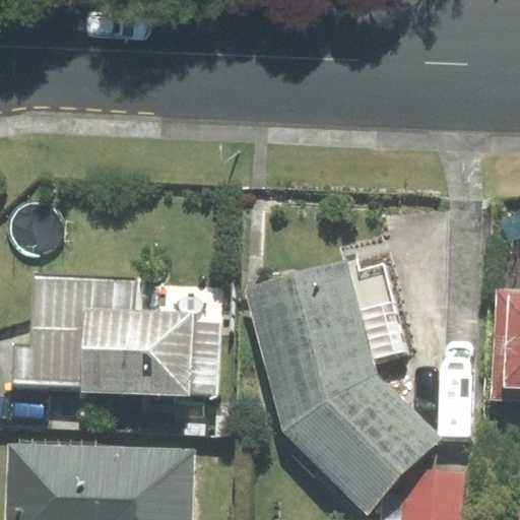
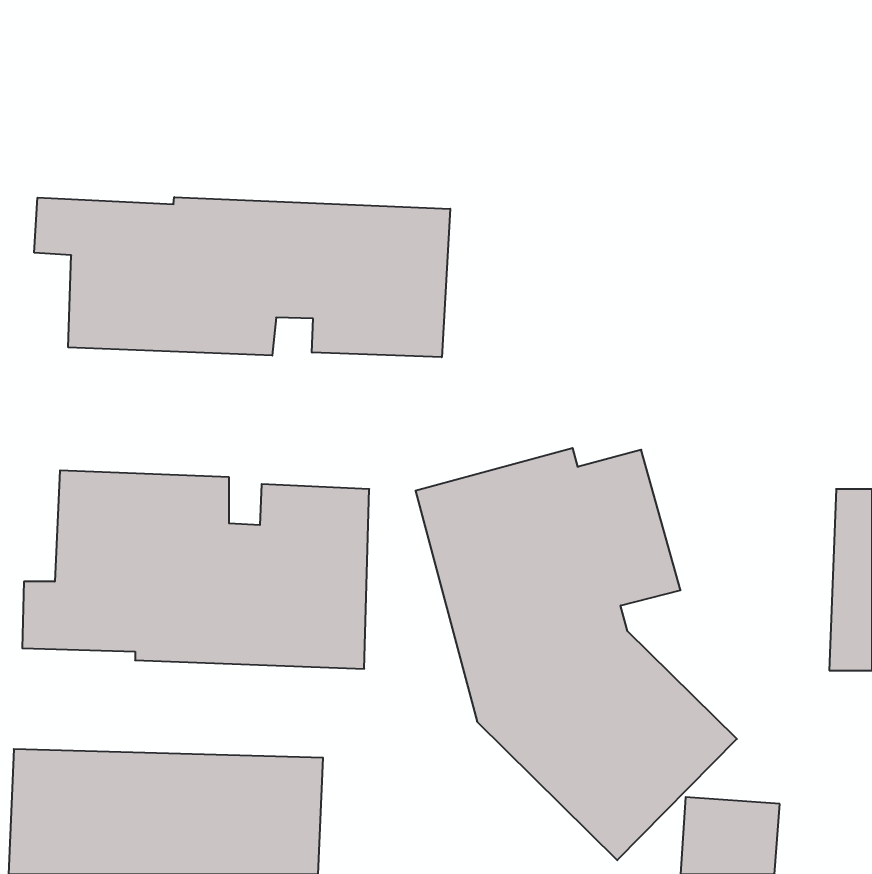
building: none -> [34,197,450,357]

